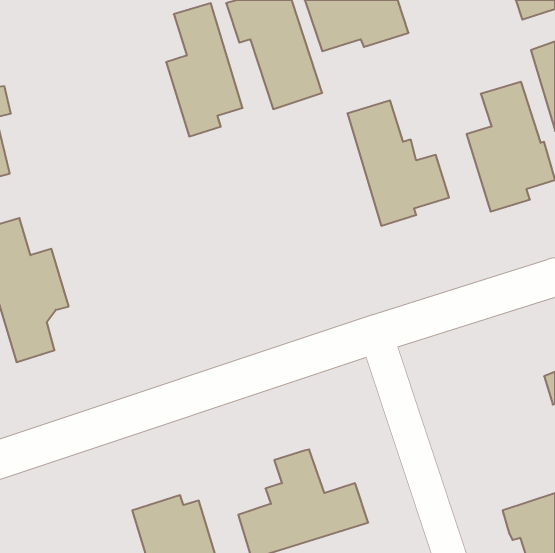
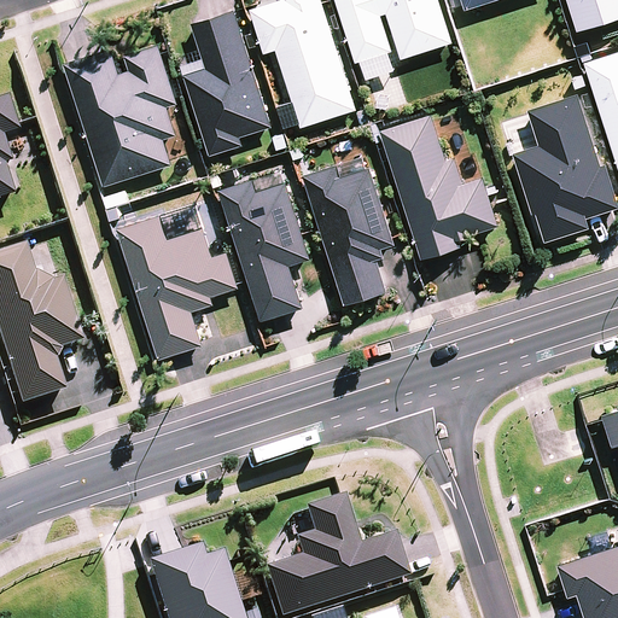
building: none -> [66,45,176,182]
building: none -> [307,168,390,301]
building: none -> [222,177,307,317]
building: none -> [119,212,235,355]

